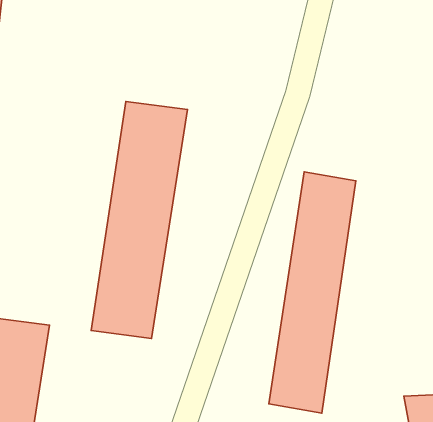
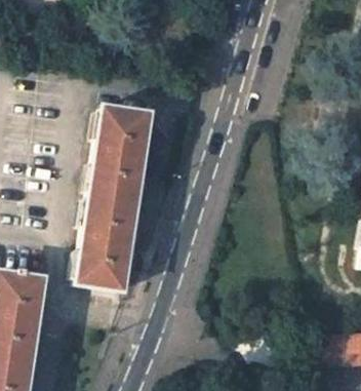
building: [269,172,356,413] -> none

